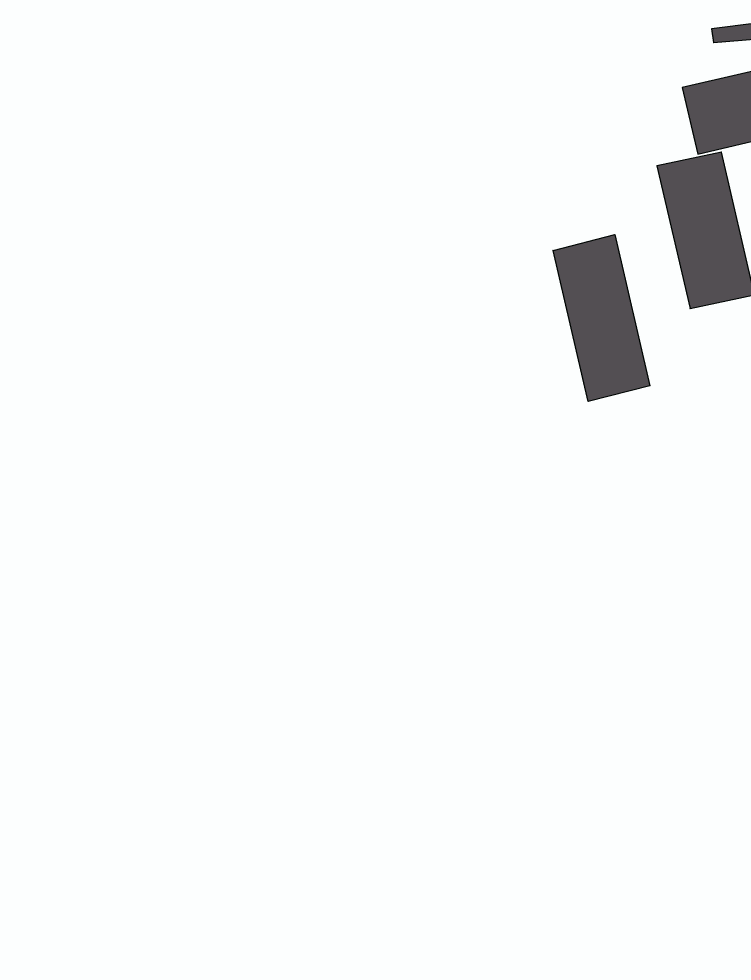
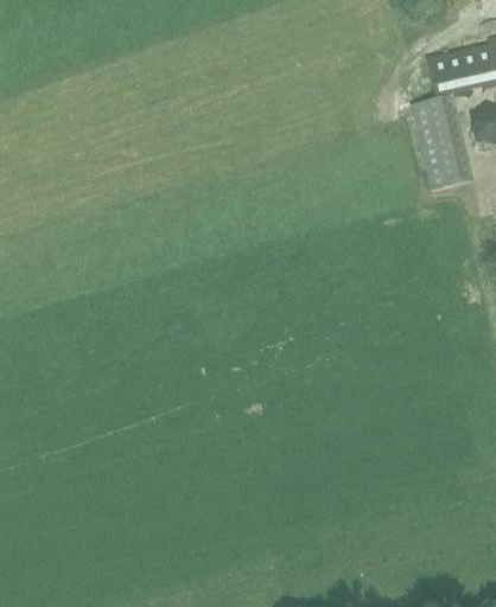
building: [553,235,650,401] -> none

